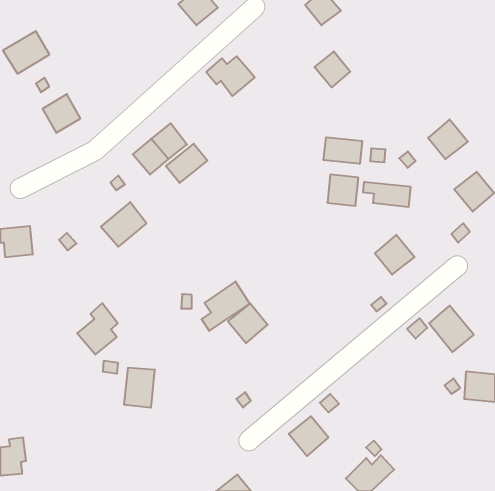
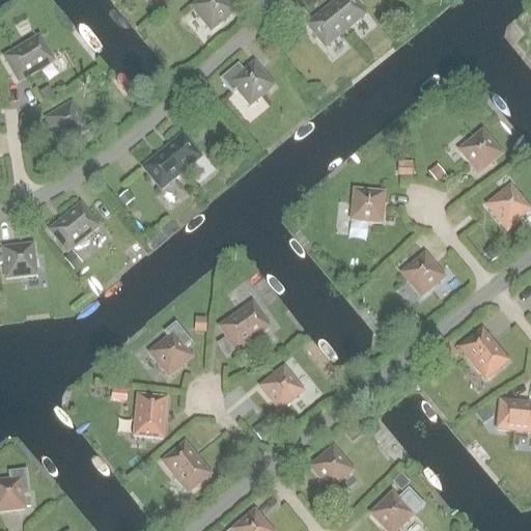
building: [314,51,350,87] -> [306,5,344,44]
building: [324,137,362,164] -> none
building: [166,144,207,183] -> none
building: [363,182,410,207] -> none
building: [101,202,146,247] -> [49,201,97,249]
building: [77,303,118,355] -> [148,318,192,373]
building: [228,304,268,343] -> [259,365,302,408]
building: none -> [162,440,209,490]

